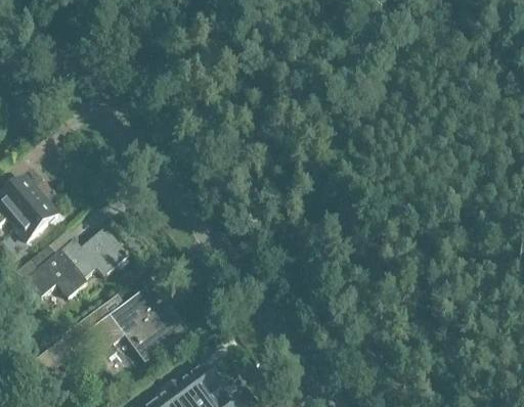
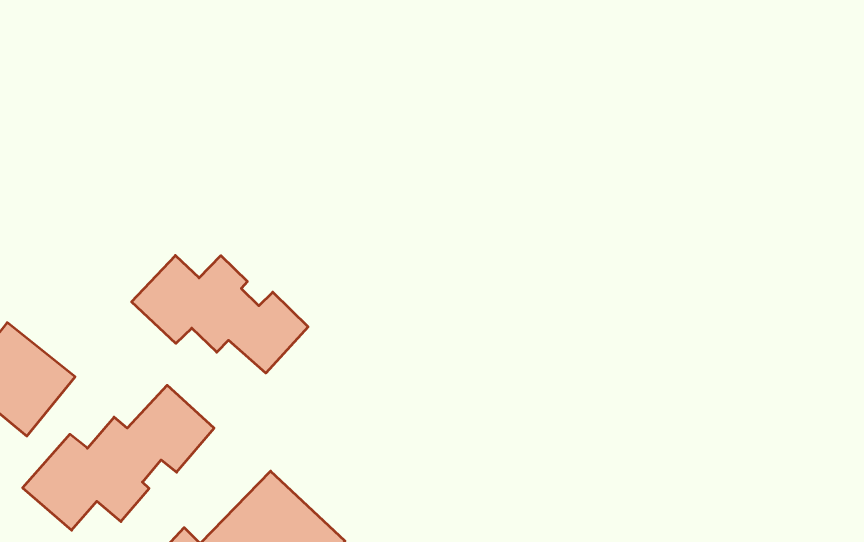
building: none -> [132,255,308,373]

